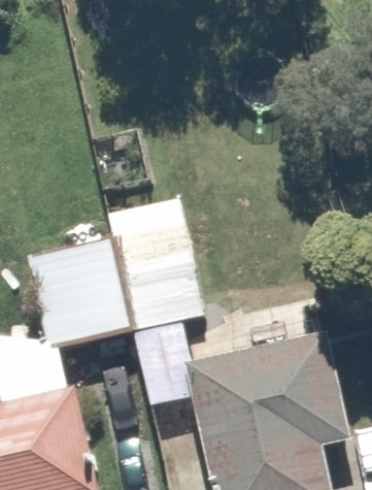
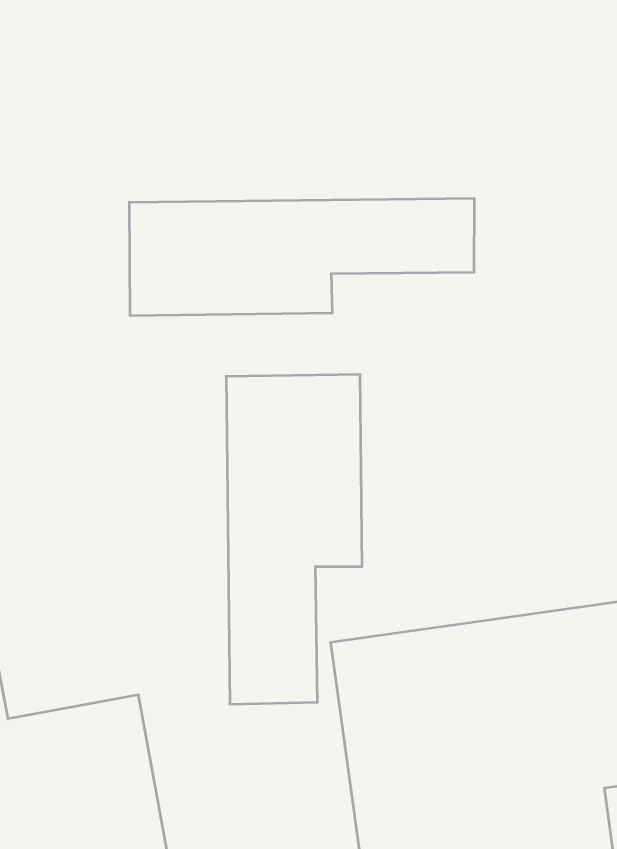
building: none -> [129,198,474,316]
building: [37,249,127,349] -> none

